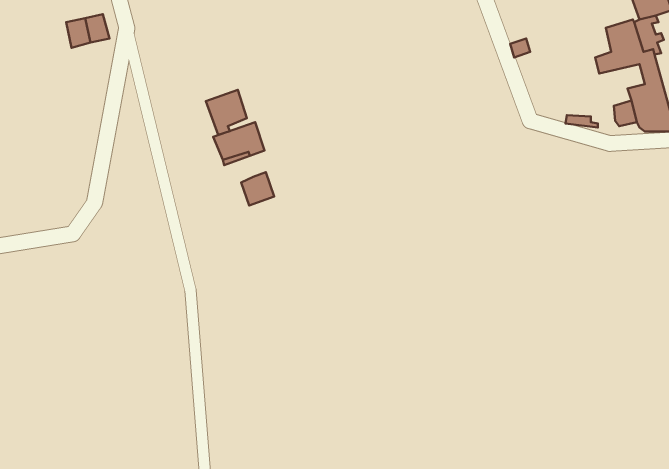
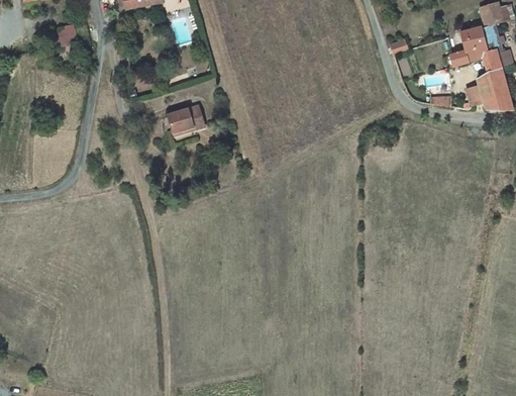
building: [206,90,247,135] -> none
building: [241,172,274,205] -> none

